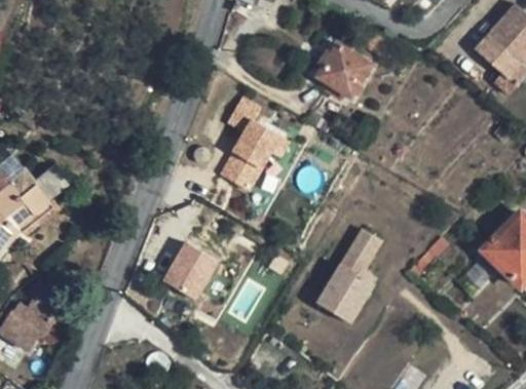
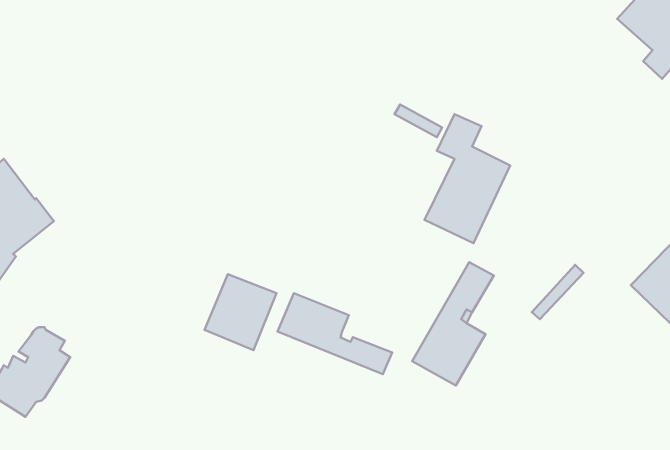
building: [320,43,372,96] -> none
building: [218,94,283,192] -> [425,114,510,243]
building: none -> [278,293,392,374]

